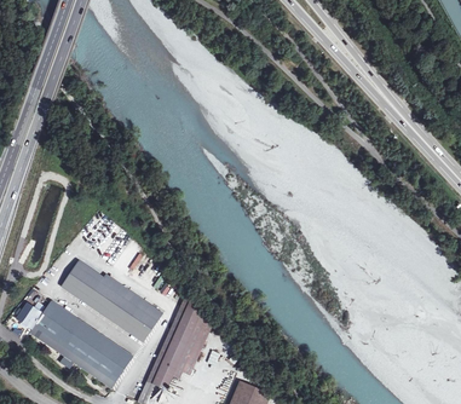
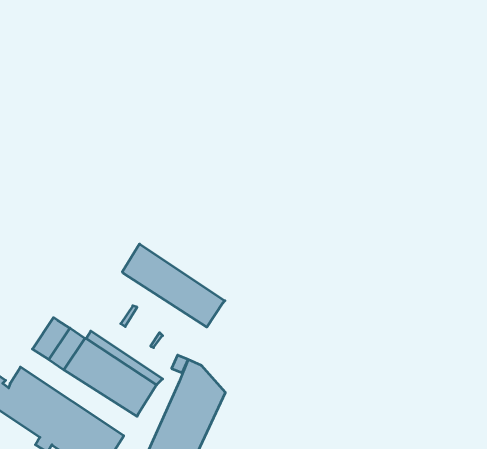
building: none -> [122,244,225,327]

